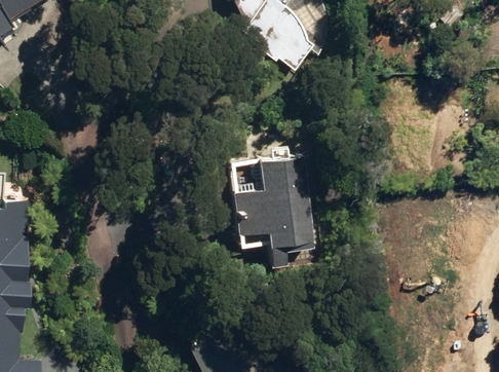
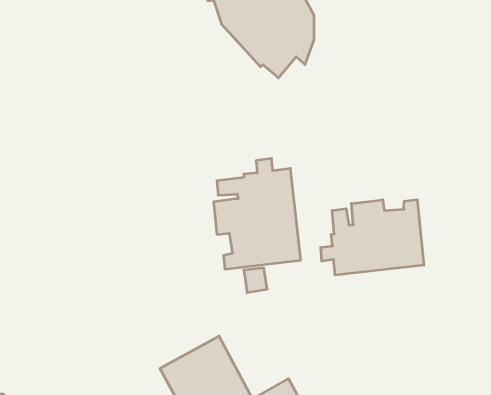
building: none -> [321,200,424,275]

